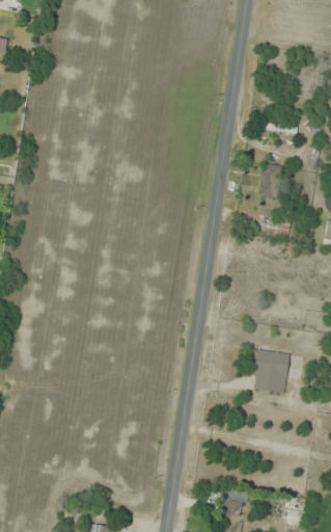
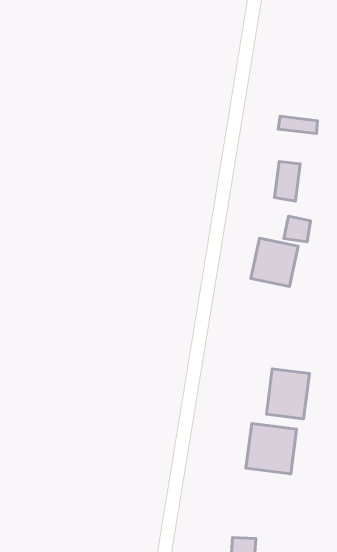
building: none -> [251,238,298,287]
building: none -> [246,423,296,474]

